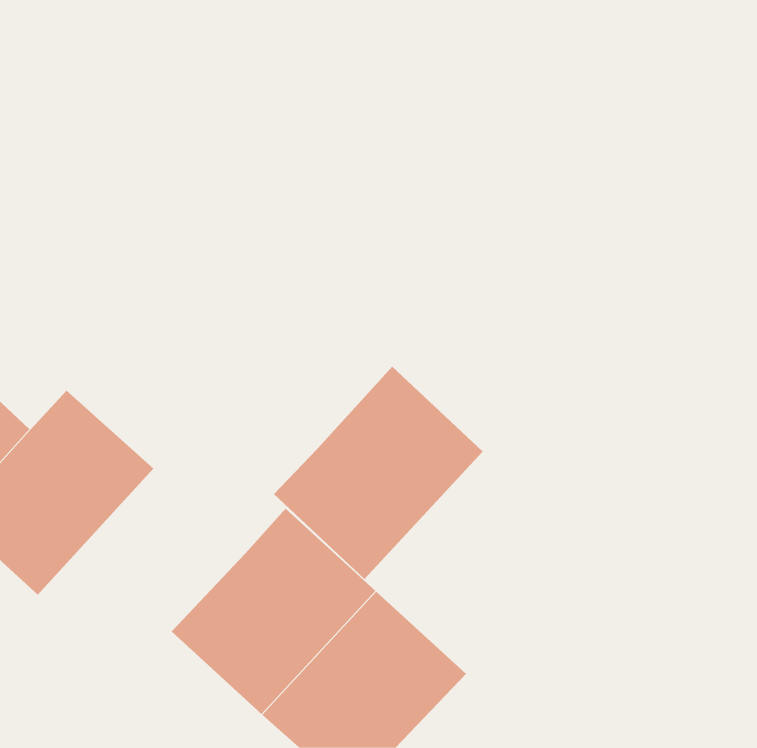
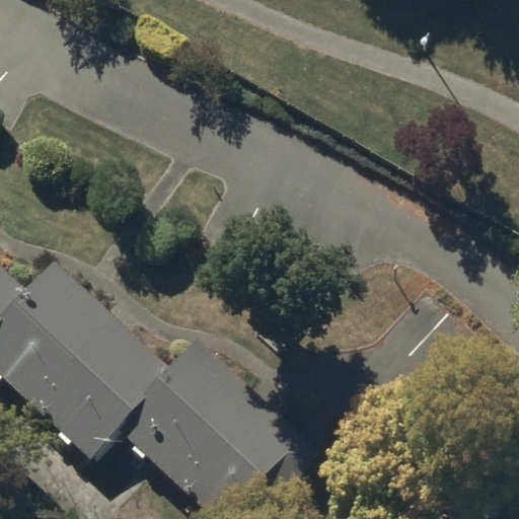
building: [273,366,484,580] -> none
building: none -> [25,314,164,455]

